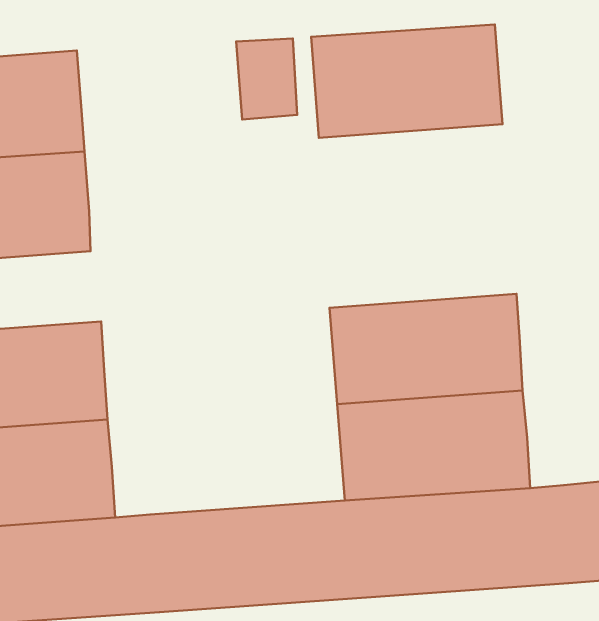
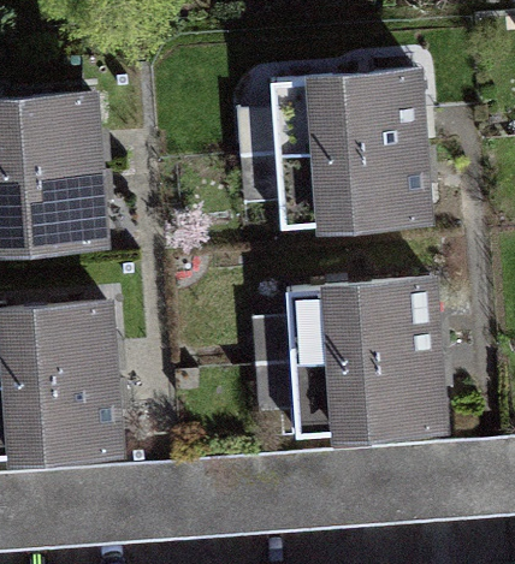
building: none -> [283,153,433,242]

